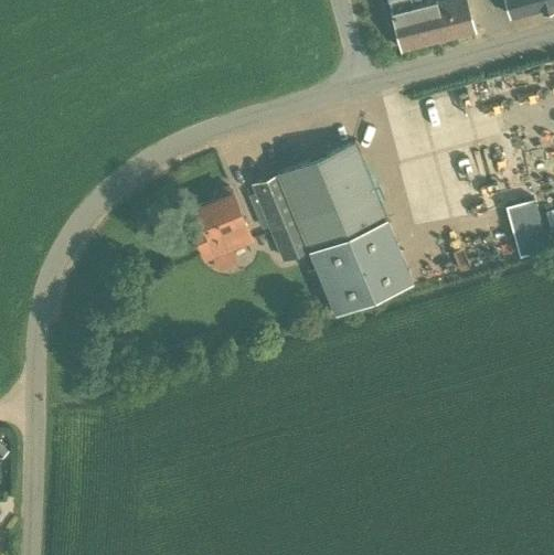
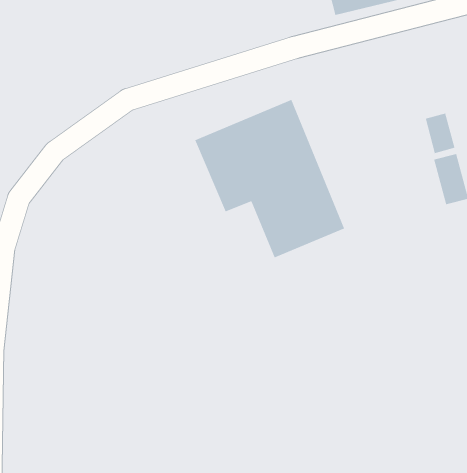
building: none -> [425,112,455,154]
building: [194,189,252,259] -> none

